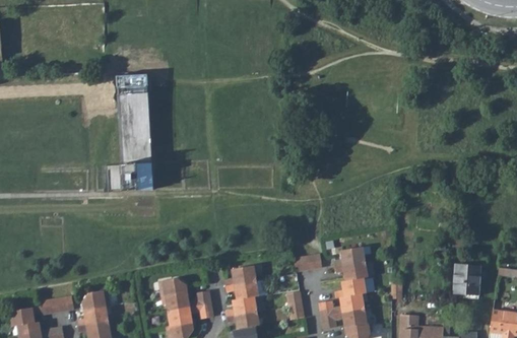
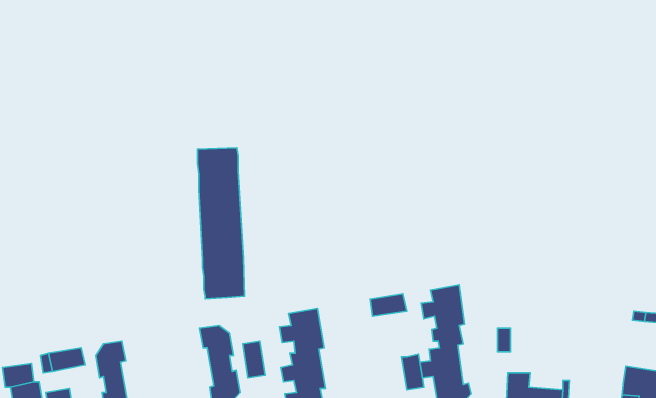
building: [117,74,153,191] -> [197,148,245,299]
building: [454,265,480,296] -> none
building: [286,291,305,320] -> none

